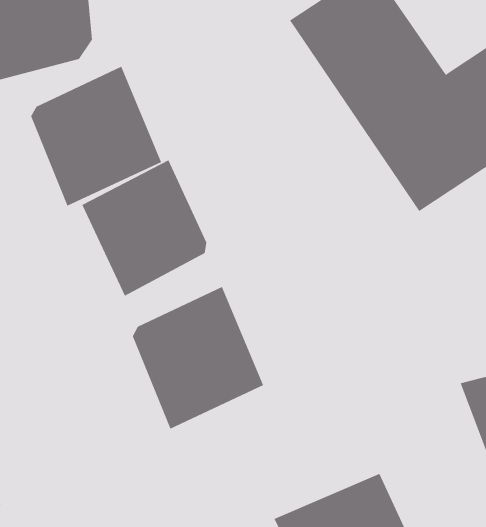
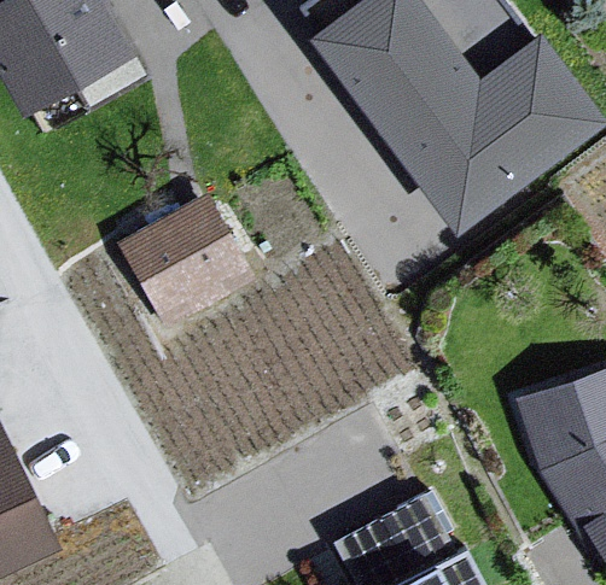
building: [30,66,162,207] -> none
building: [132,286,264,429] -> none

